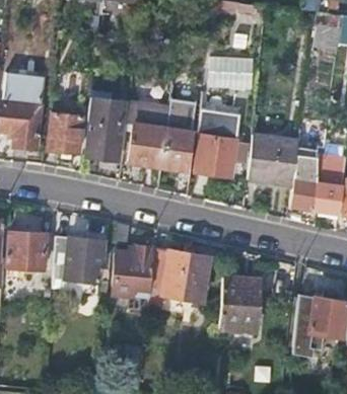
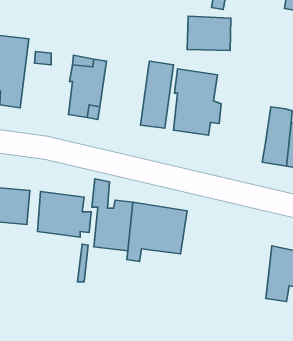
building: [127,101,169,167] -> none
building: [49,112,83,155] -> none
building: [247,135,298,187] -> none
building: [218,278,258,331] -> none

